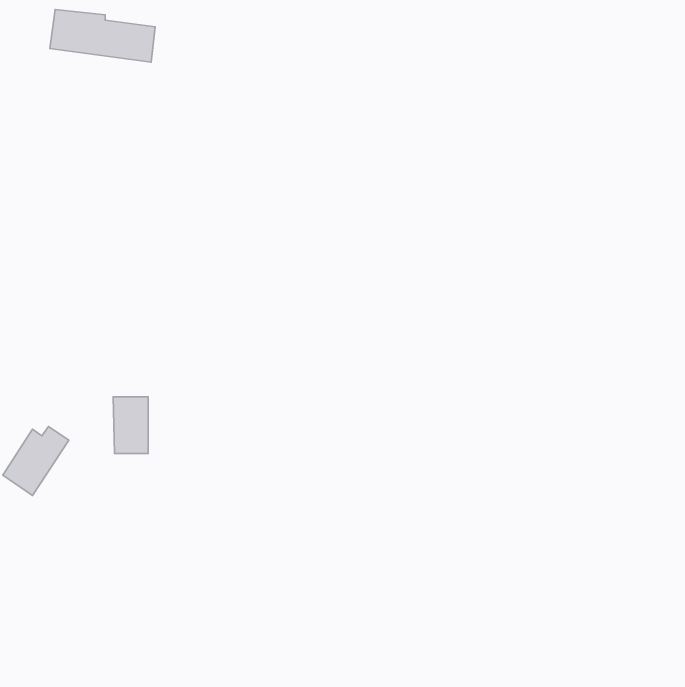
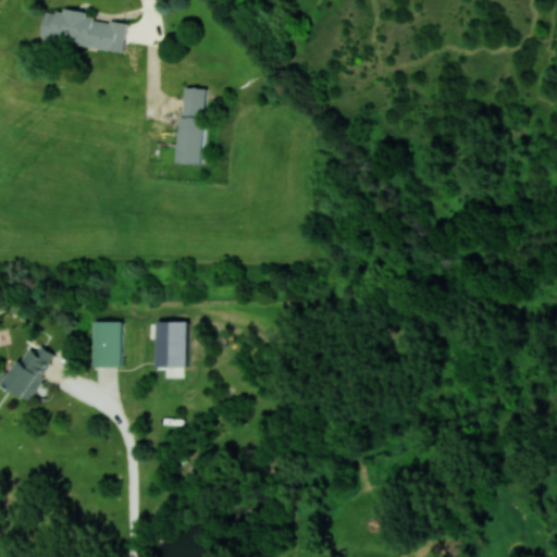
building: none -> [178,88,205,165]
building: none -> [154,322,188,369]

